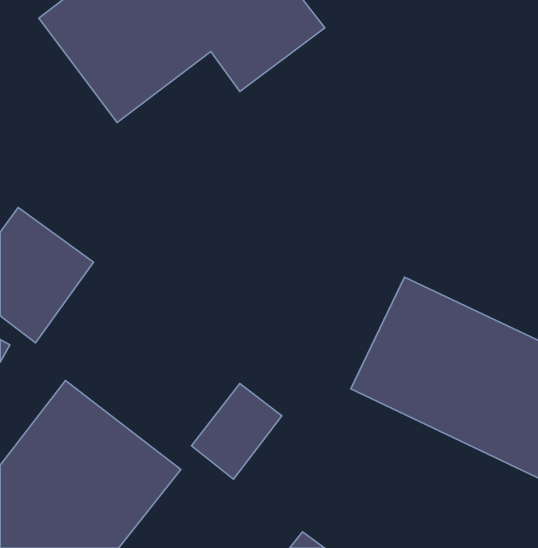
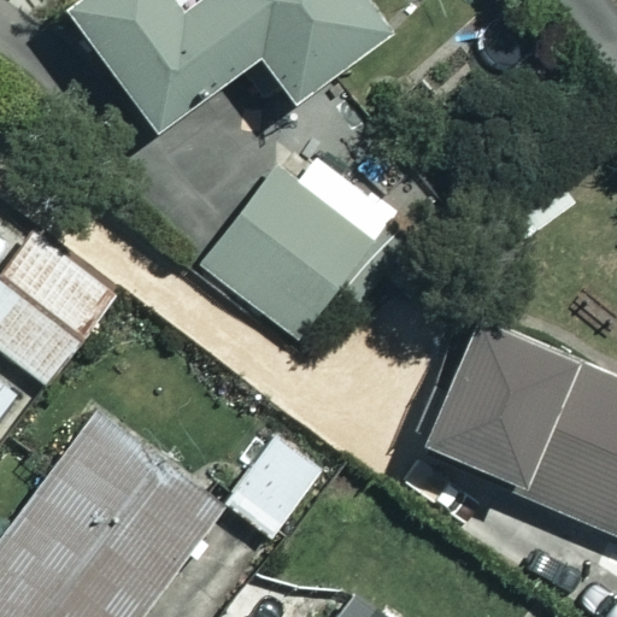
building: none -> [196,154,407,347]

